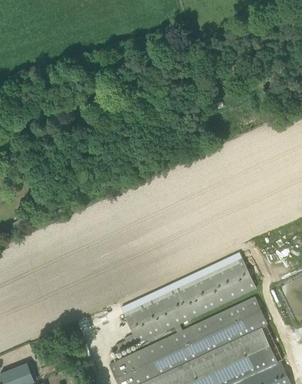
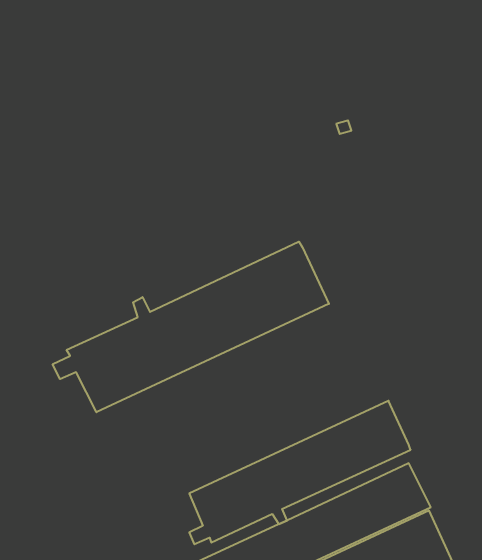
building: none -> [53,242,329,412]

